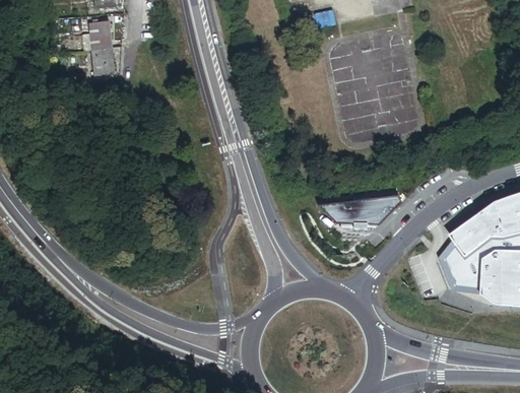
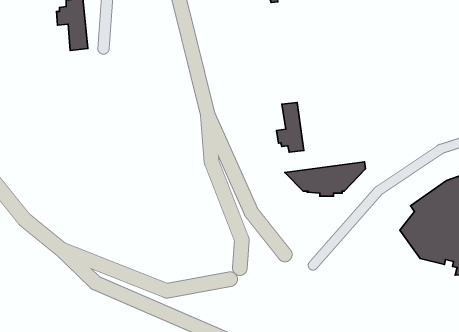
building: none -> [276,102,304,152]

